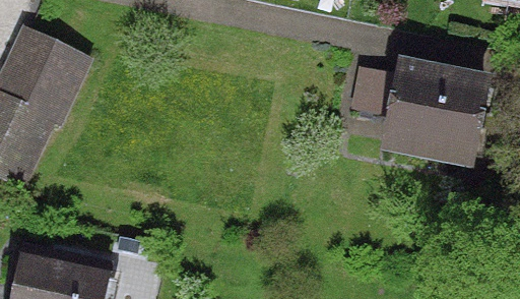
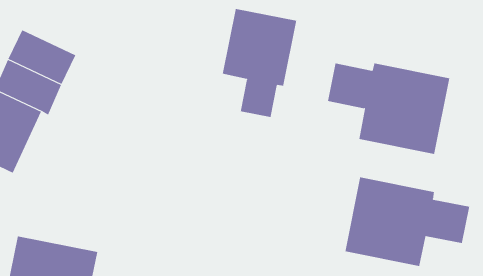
building: none -> [222,8,297,118]
building: none -> [345,177,470,267]

